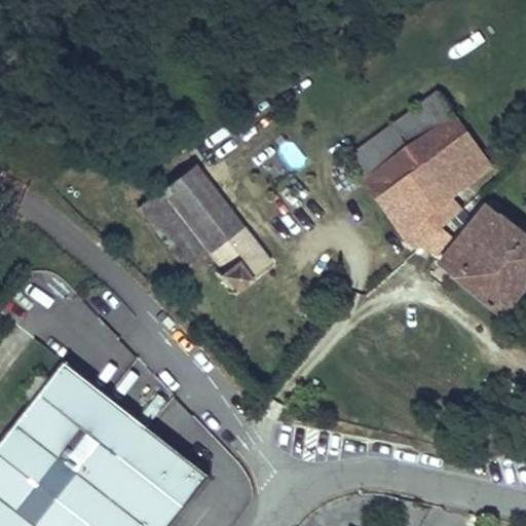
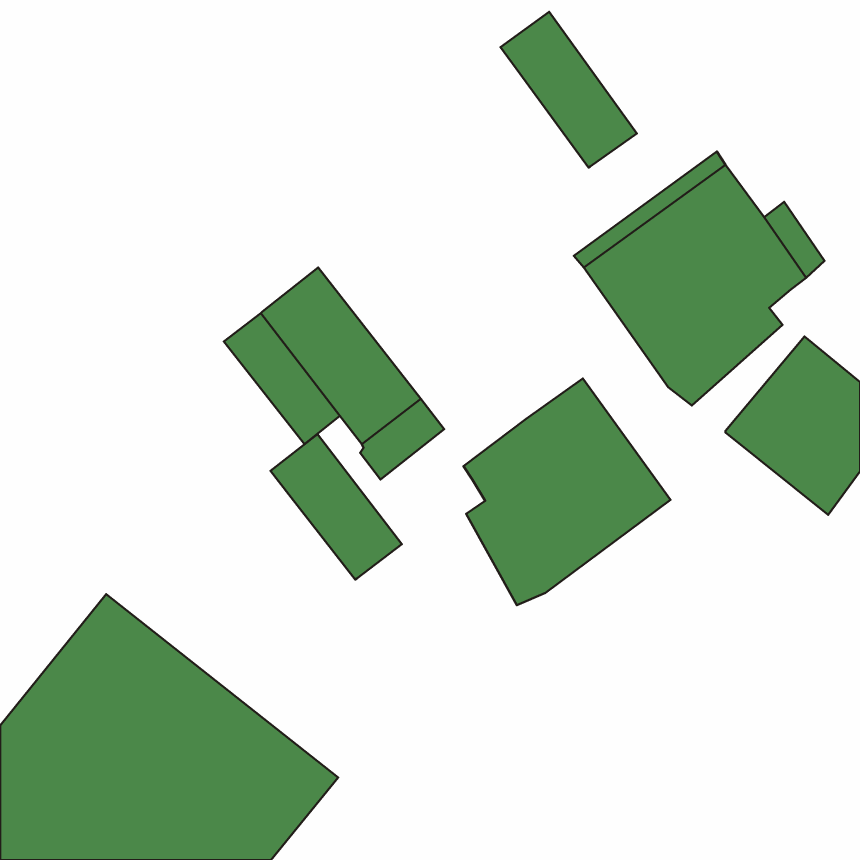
building: none -> [501,12,637,168]
building: none -> [463,379,671,605]
building: none -> [270,434,402,579]

